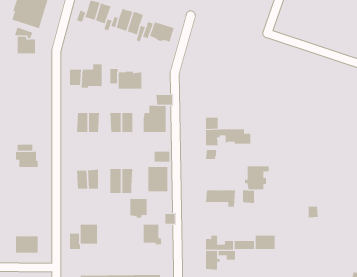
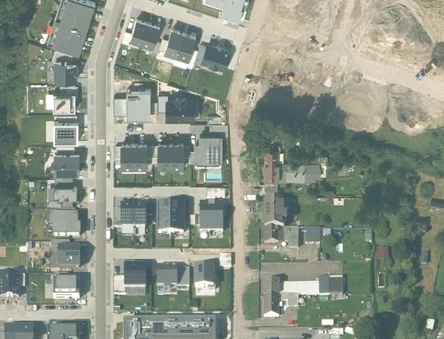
building: none -> [53,87,75,105]
building: none -> [54,117,78,137]
building: none -> [54,149,79,169]
building: [244,166,270,190] -> [261,199,289,226]
building: none -> [51,214,80,233]
building: [130,199,148,218] -> [157,264,177,286]
building: none -> [59,246,80,265]

